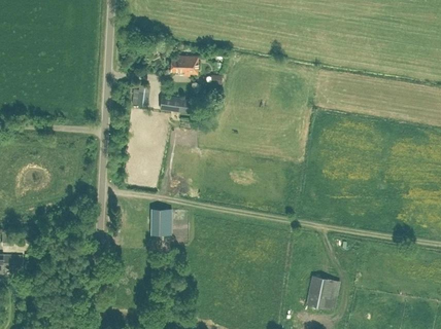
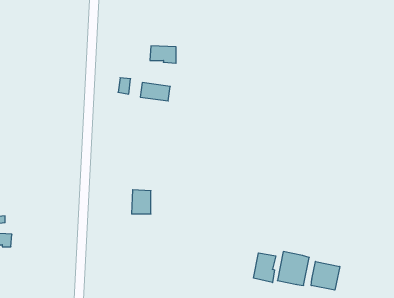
building: none -> [254,253,276,283]
building: none -> [311,261,340,290]

